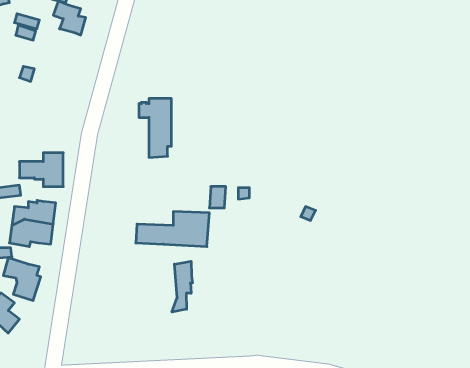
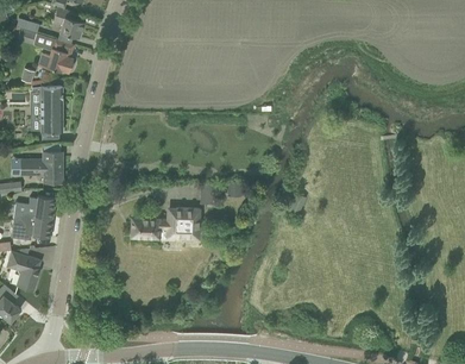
building: none -> [38,39,73,73]
building: [139,99,171,157] -> [31,87,62,143]
building: [172,261,192,312] -> none

